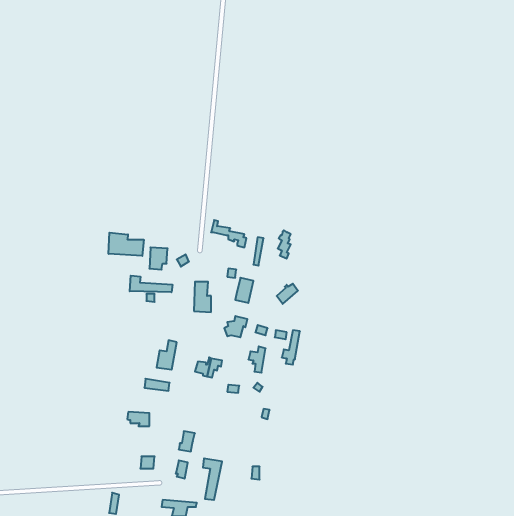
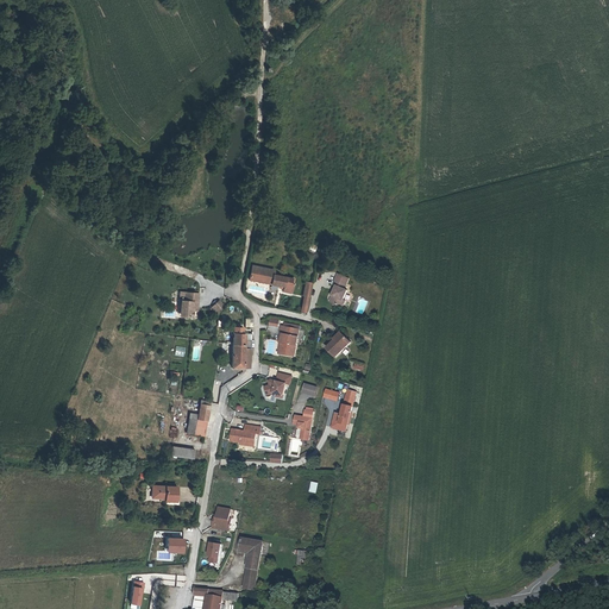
building: [109,233,144,256] -> none
building: [130,276,172,292] -> none

